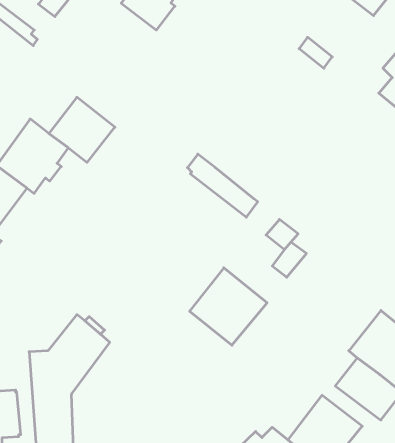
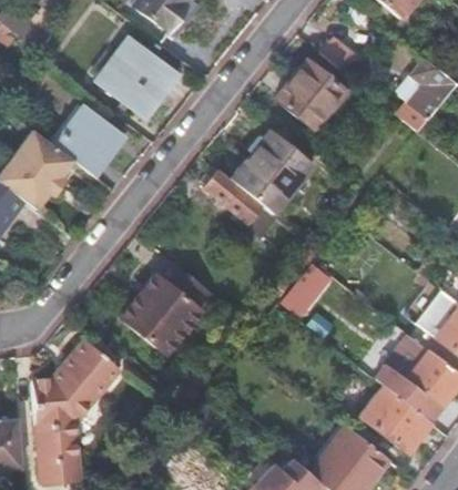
building: none -> [96,35,180,119]
building: none -> [276,60,344,129]
building: none -> [232,131,313,214]
building: [190,268,267,345] -> [122,270,205,354]

